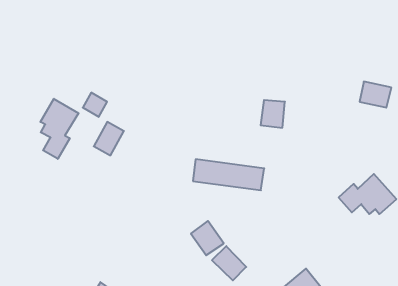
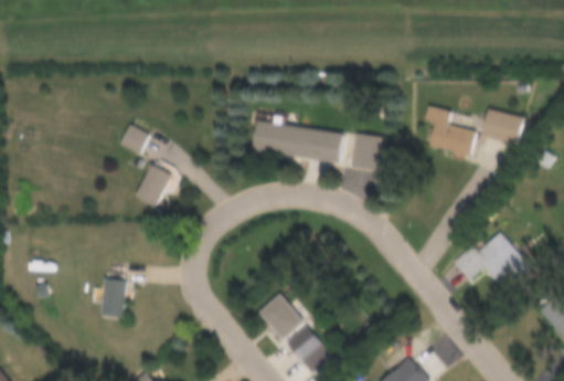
building: none -> [424,106,476,155]
building: [40,99,79,159] -> none
building: [193,159,264,190] -> [251,120,344,161]
building: none -> [100,278,125,316]

